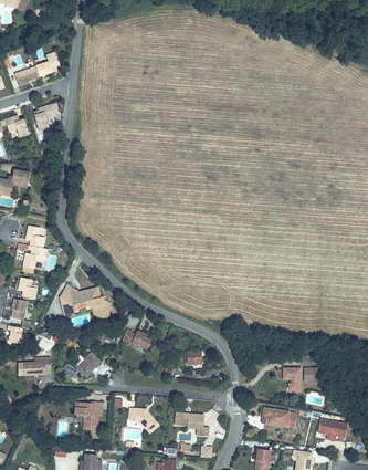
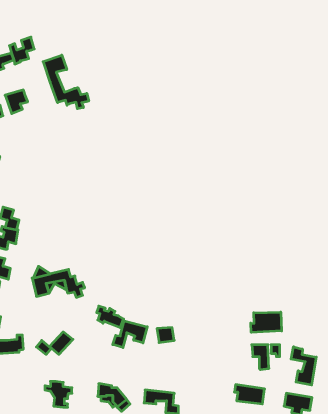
building: none -> [43,55,89,109]
building: none -> [251,312,282,332]
building: none -> [113,321,147,348]
building: none -> [291,347,316,385]

